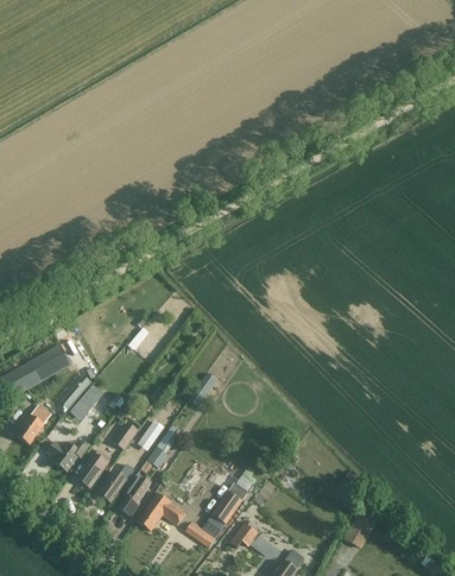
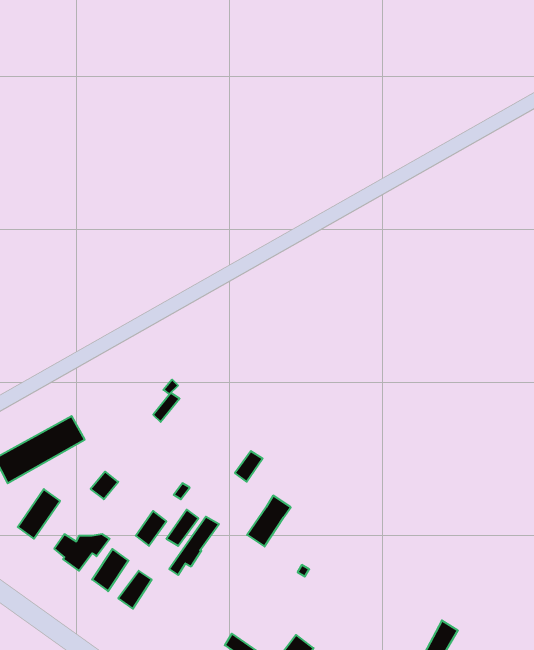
building: [119,473,148,514] -> none
building: [213,482,248,524] -> [247,496,291,547]
building: [138,493,185,530] -> none

